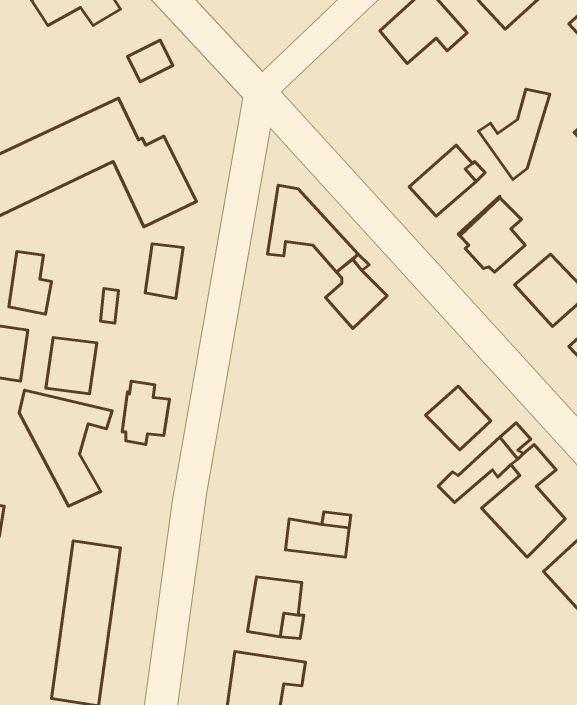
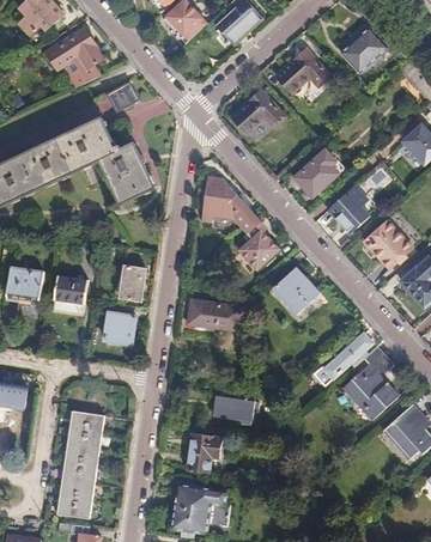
building: none -> [230,92,281,135]
building: [478,89,550,179] -> none
building: [145,244,183,298] -> [120,264,145,300]
building: [9,251,52,314] -> none
building: none -> [188,299,242,330]
building: [425,386,491,450] -> [274,268,317,310]
building: [19,390,112,506] -> none

